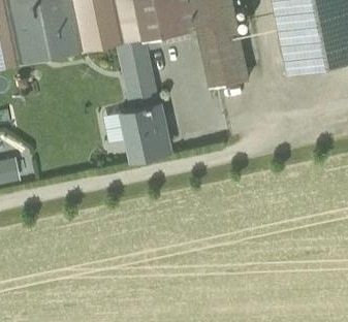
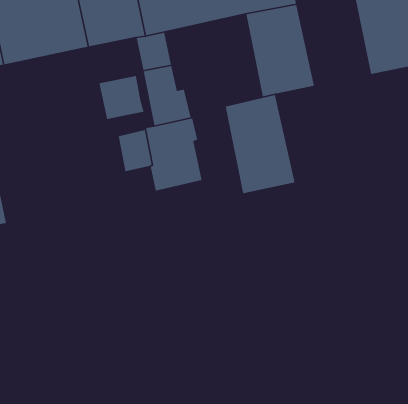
building: none -> [99,75,144,120]
building: none -> [225,94,295,194]

